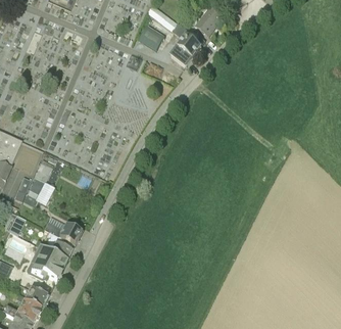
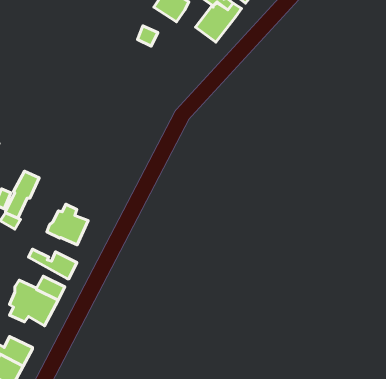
building: none -> [47,204,88,245]

